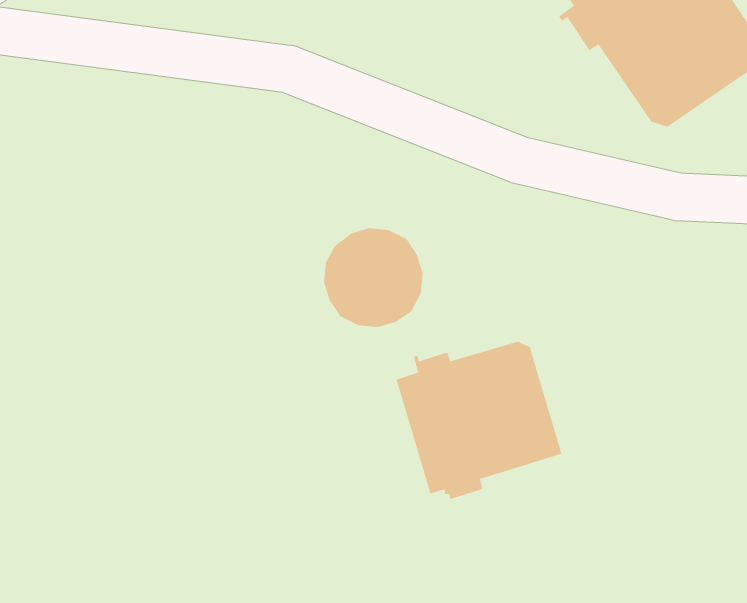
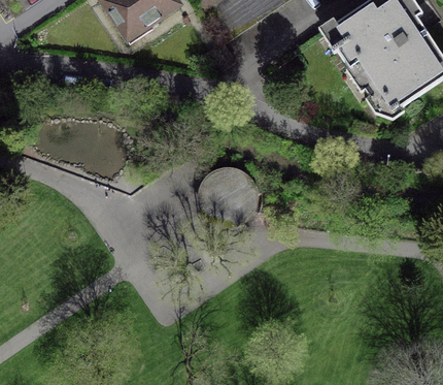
building: [396,341,563,500] -> none

